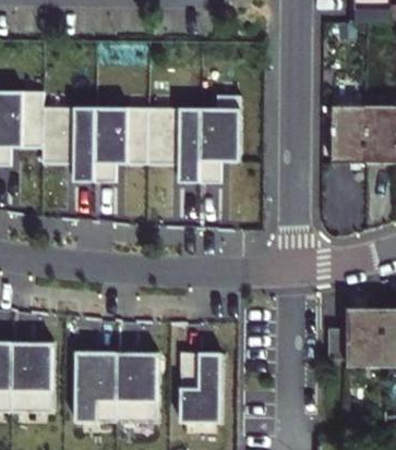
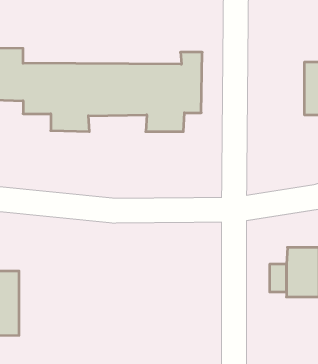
building: [332,107,365,165] -> none
building: [73,343,156,414] -> none
building: [181,343,223,414] -> none

